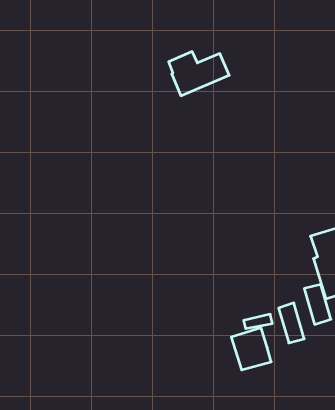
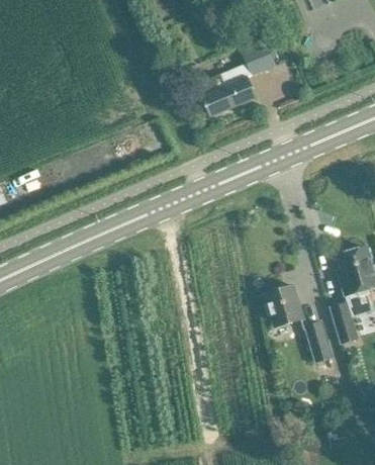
building: none -> [243,40,277,74]
building: [231,328,271,370] -> [265,284,304,326]

